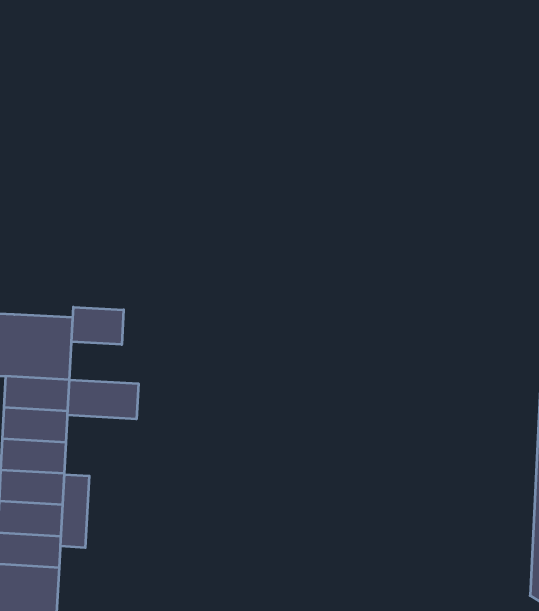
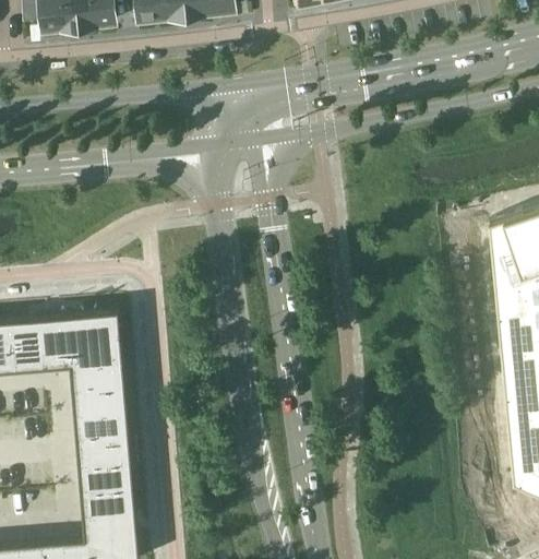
building: [71,307,124,345] -> none
building: [67,380,138,419] -> none
building: [60,474,89,548] -> none

